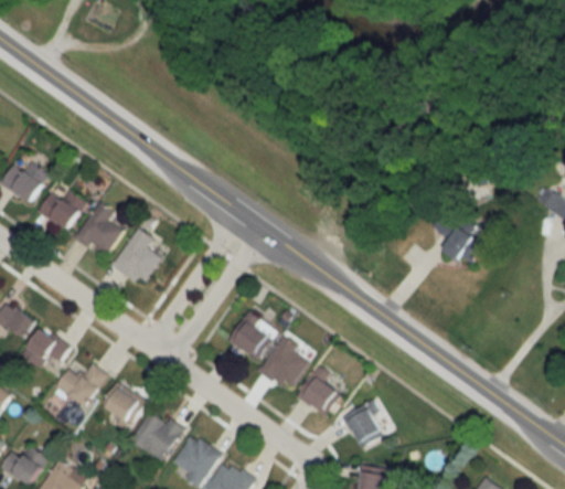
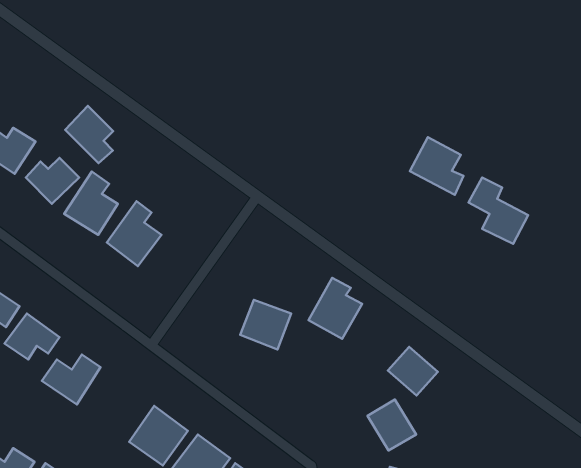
building: none -> [65,106,113,163]
building: none -> [410,137,463,195]
building: [259,336,307,390] -> [308,278,362,339]
building: [297,371,341,414] -> [388,347,438,396]
building: [102,383,146,427] -> none

